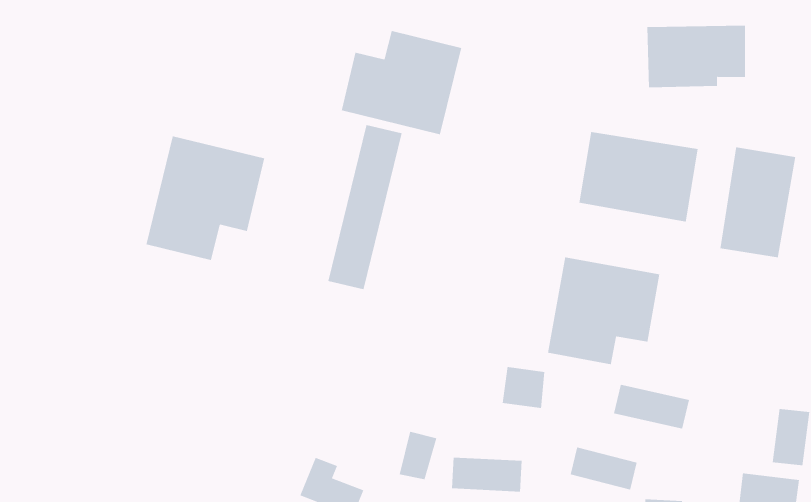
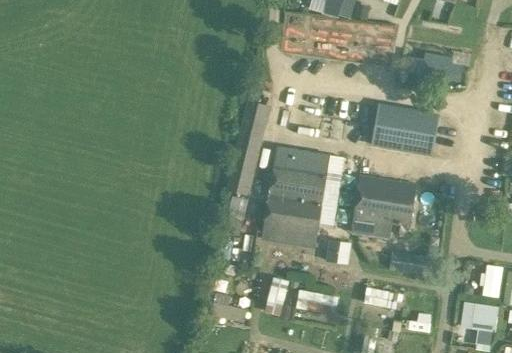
building: [341,30,462,135] -> none
building: [146,135,265,261] -> none
building: [720,147,796,258] -> none
building: none -> [262,147,330,251]

